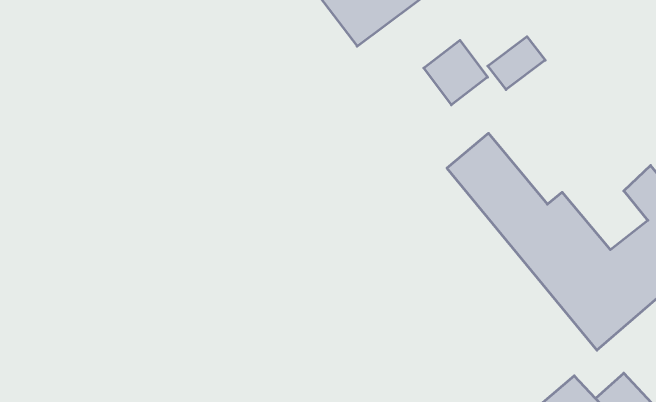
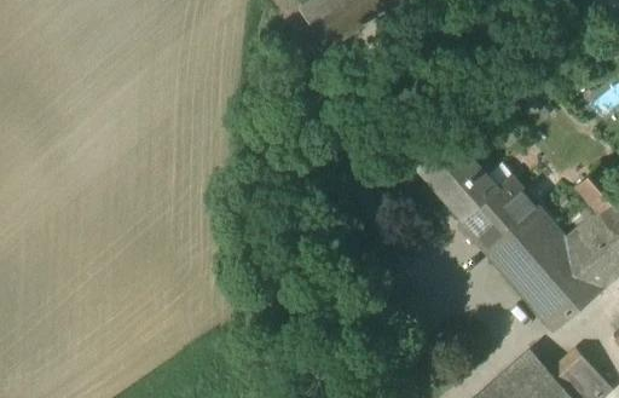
building: [488,37,545,90] -> none
building: [424,40,488,105] -> none

